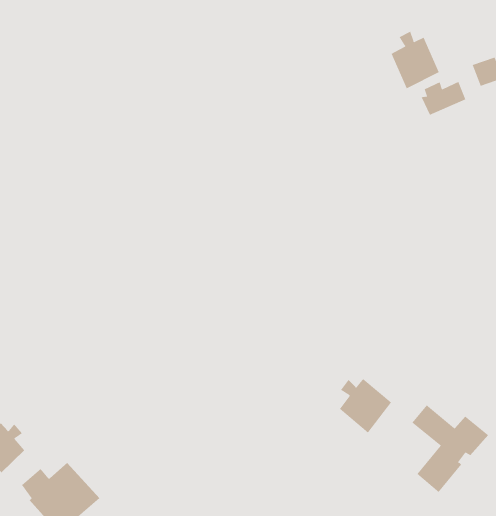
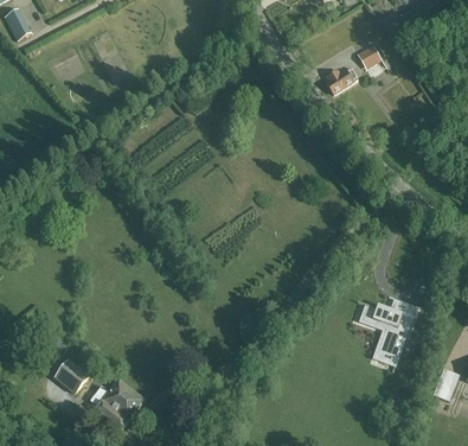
building: [391,31,439,89] -> none
building: [339,378,392,433] -> none

